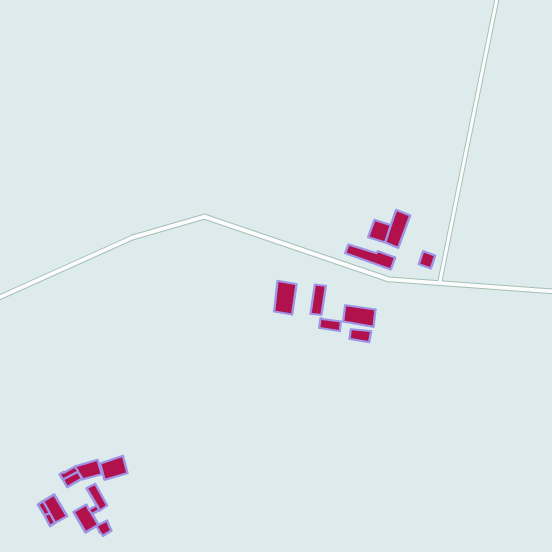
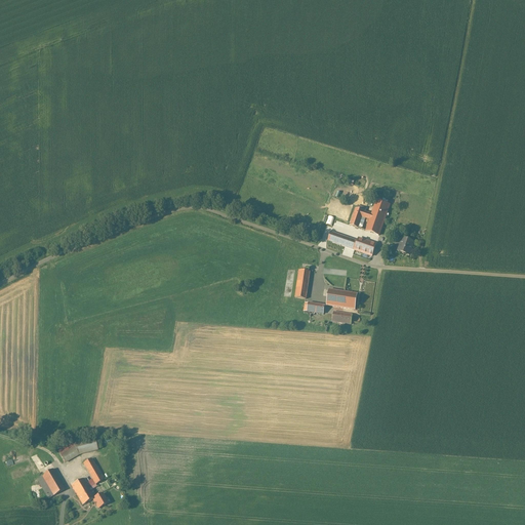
building: [274,281,297,314] -> none
building: [100,456,128,480] -> none

